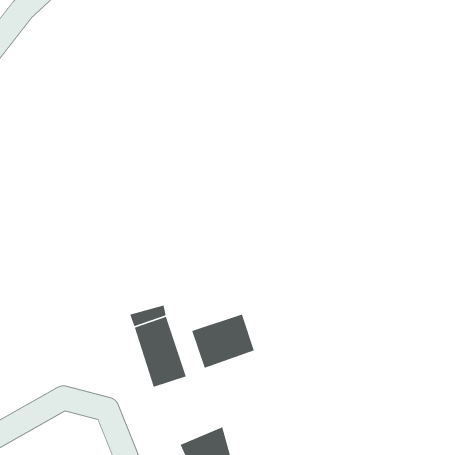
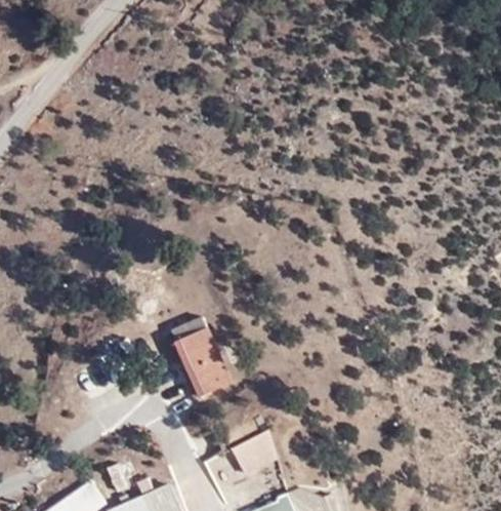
building: [191,313,255,369] -> none

